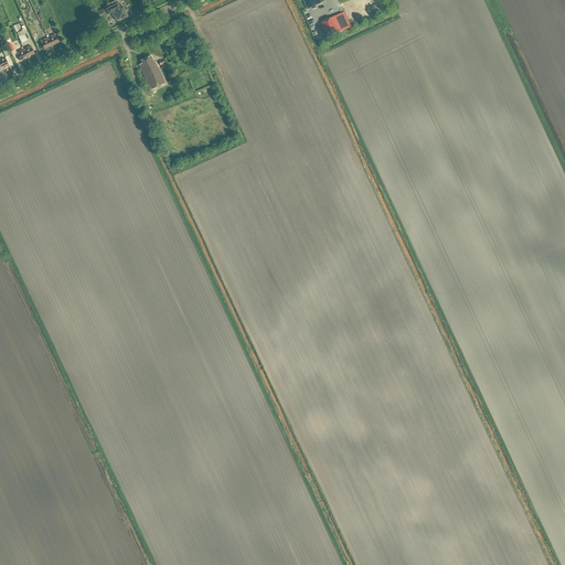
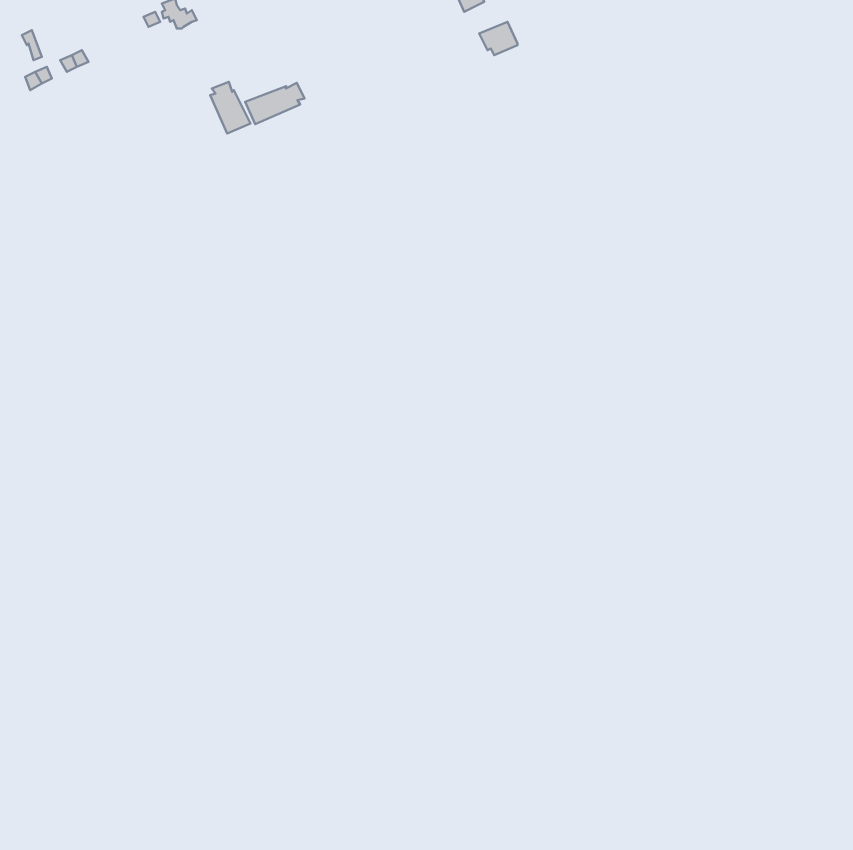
building: none -> [245,83,304,124]

